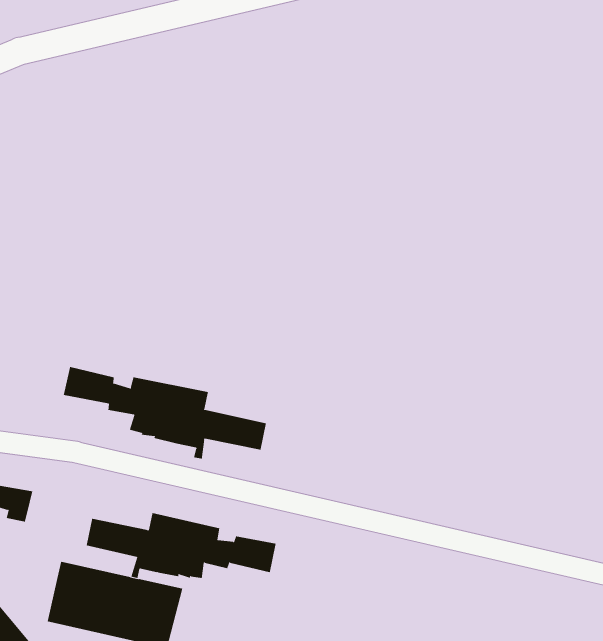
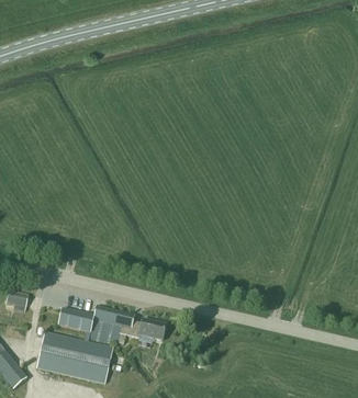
building: [63,366,267,460] -> none

